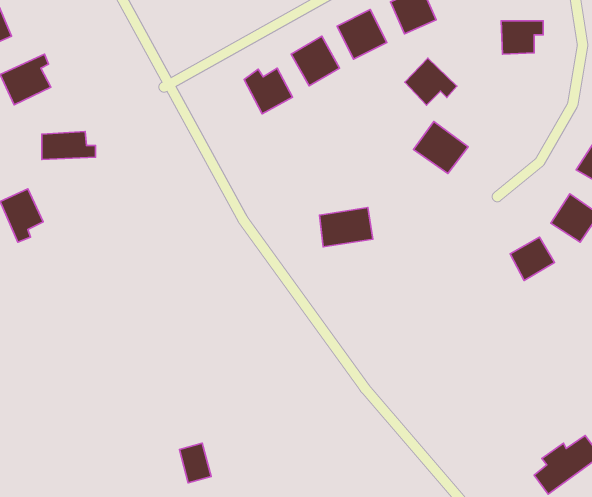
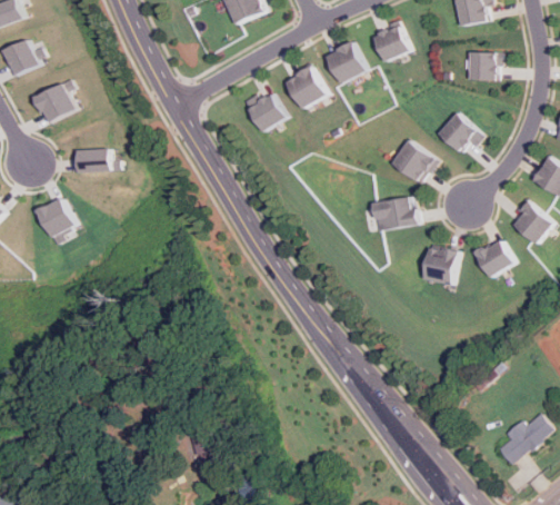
building: [405,58,457,105] -> [439,111,484,152]
building: [319,207,373,247] -> [373,196,420,230]
building: none -> [422,246,458,285]

